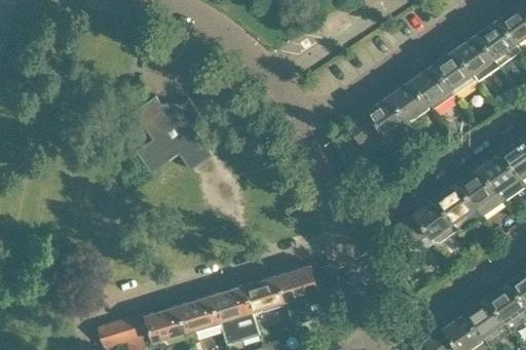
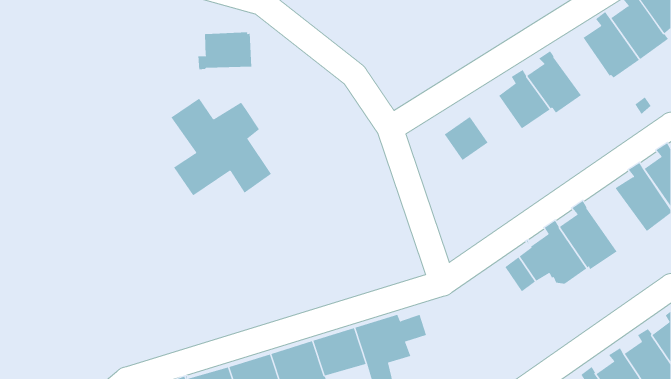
building: [434,44,477,94] -> none
building: none -> [198,32,252,70]
building: [364,89,408,135] -> none
building: [459,162,505,217] -> none

